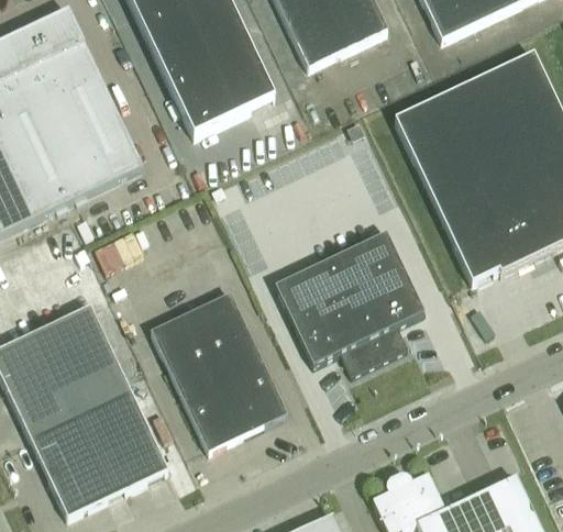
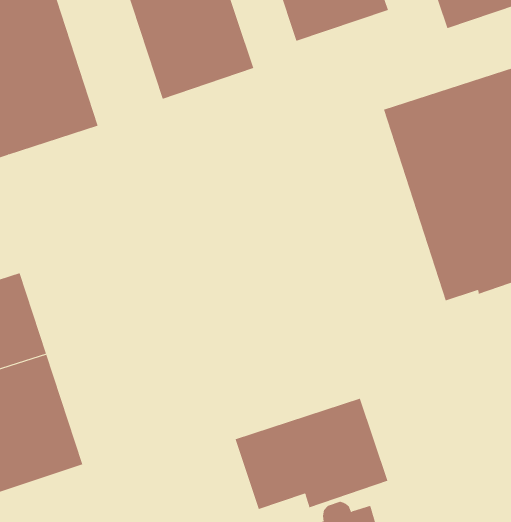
building: [274,230,423,373] -> none
building: [151,291,287,450] -> none
building: none -> [235,398,388,510]

